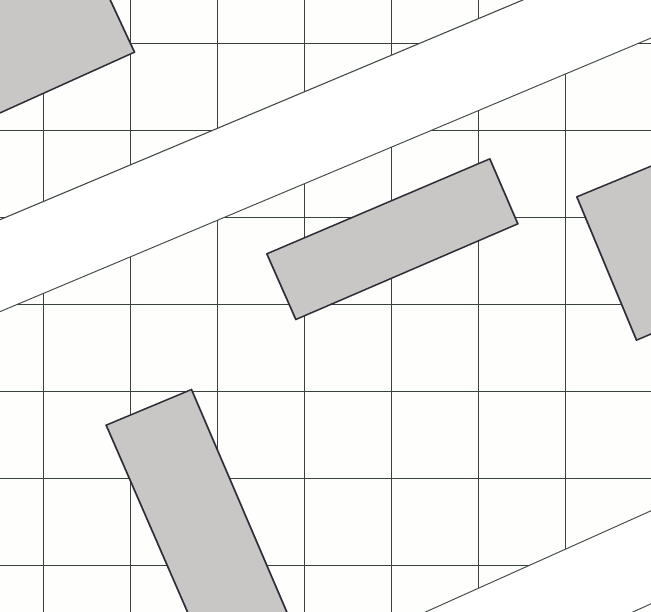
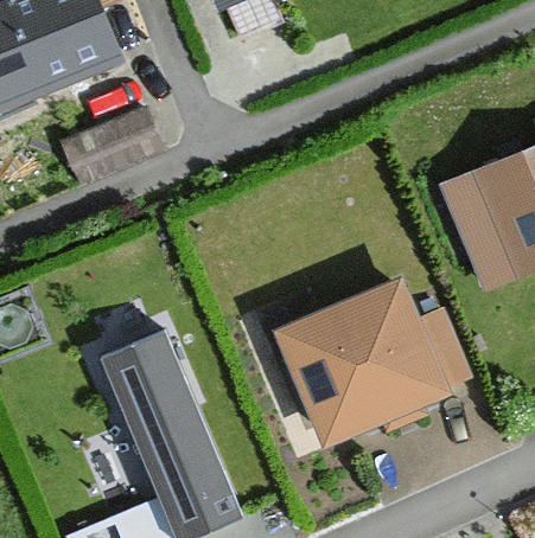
building: [267,159,518,320] -> none
building: none -> [279,287,450,449]

